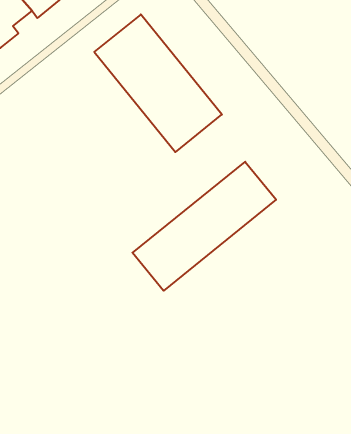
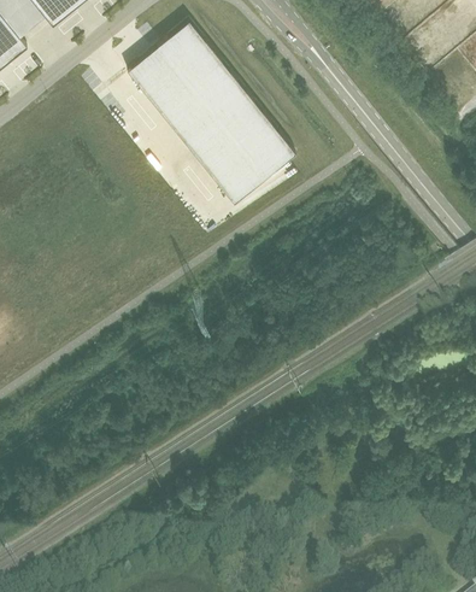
building: [132,162,276,291] -> none

